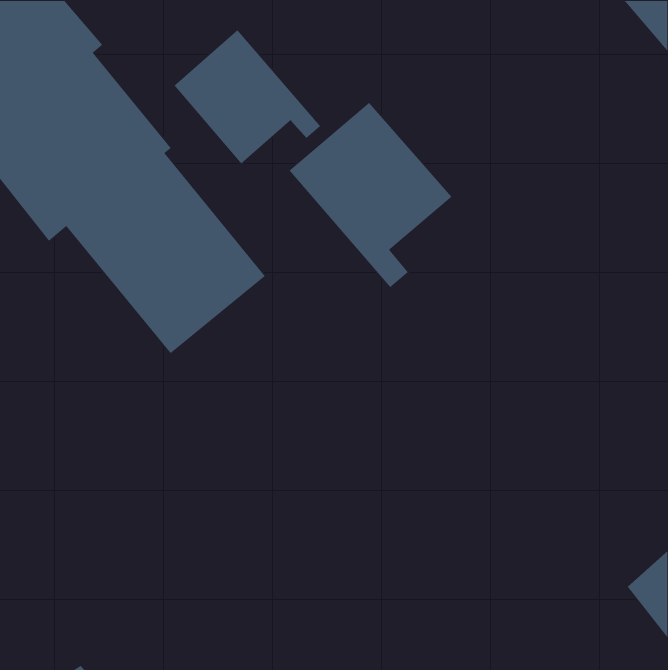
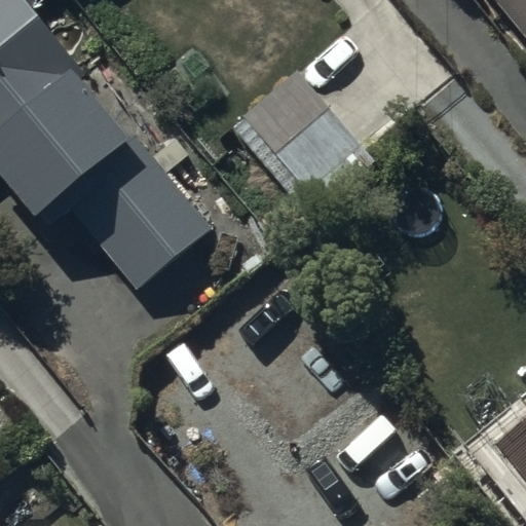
building: [173,29,321,164] -> none

